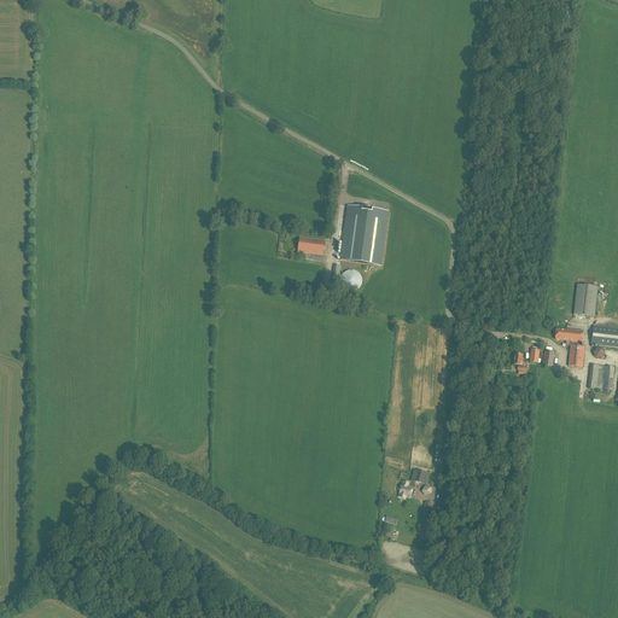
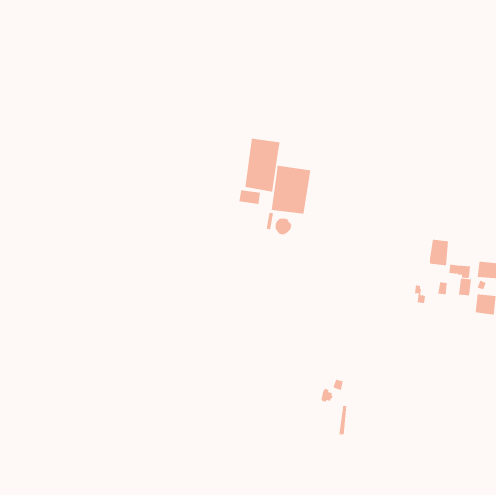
building: none -> [245,138,280,192]
building: [573,282,597,315] -> [429,239,449,266]

